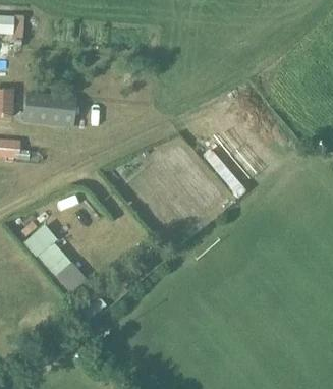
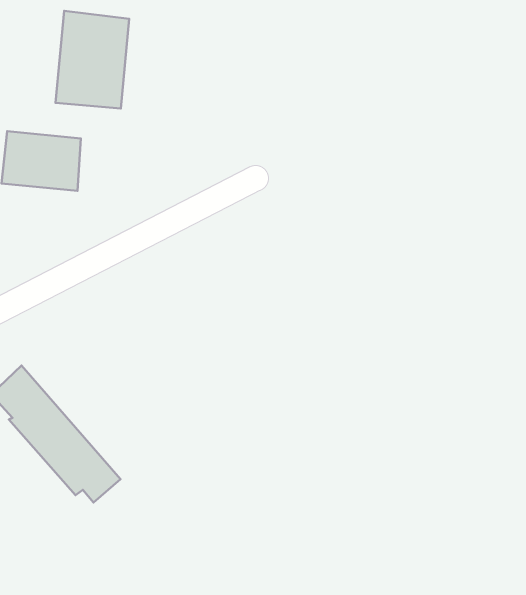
building: none -> [55,11,129,108]

